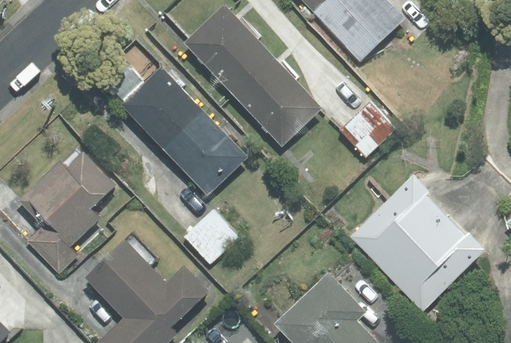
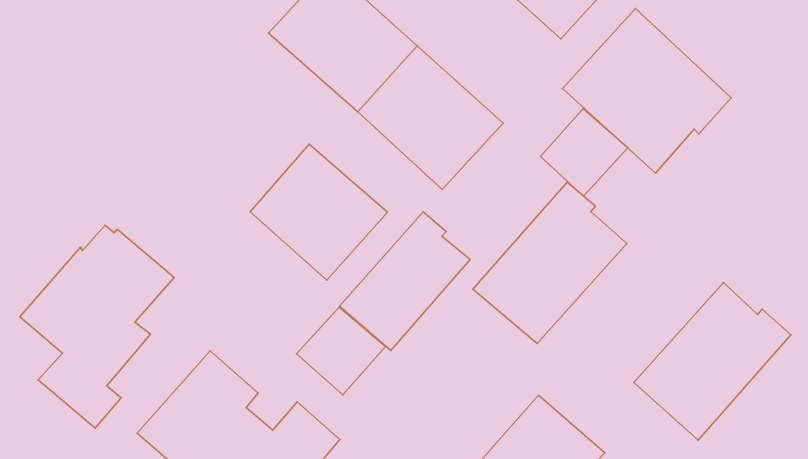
building: none -> [563,8,731,173]
building: [120,67,202,149] -> none
building: none -> [340,212,470,351]
building: [350,175,445,271] -> [473,182,627,343]

